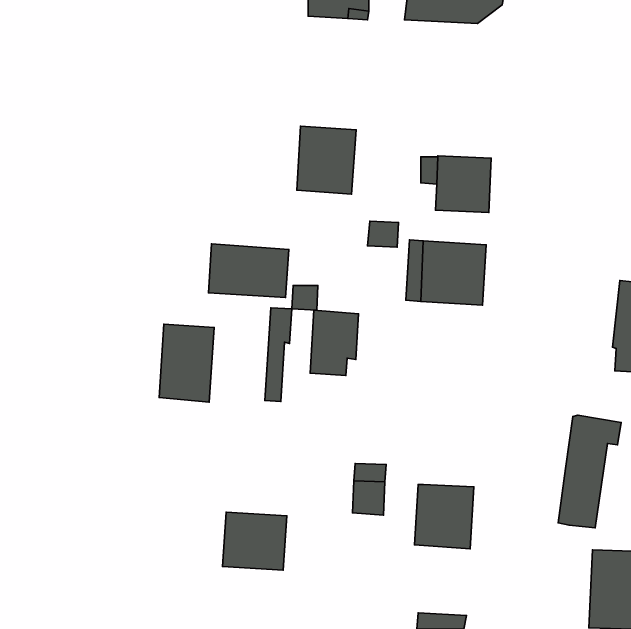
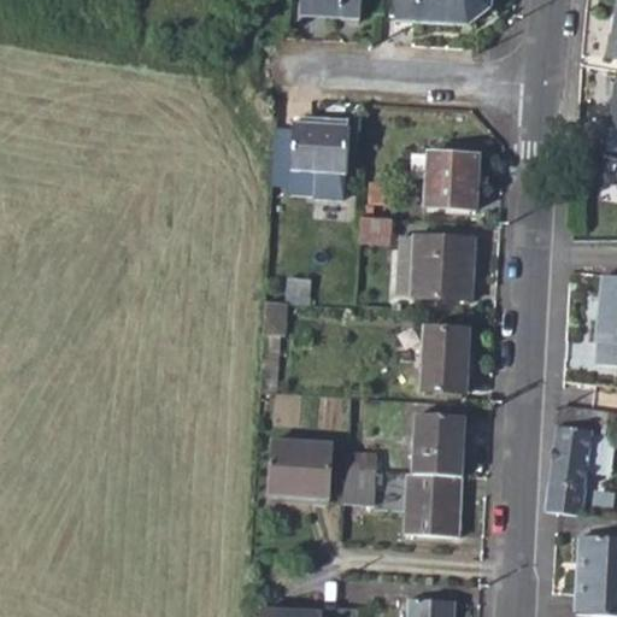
building: [208,244,289,297] -> none
building: [310,310,358,376] -> [423,327,470,390]
building: [159,324,214,402] -> none
building: none -> [413,413,465,475]
building: [222,512,287,570] -> [269,439,331,495]

